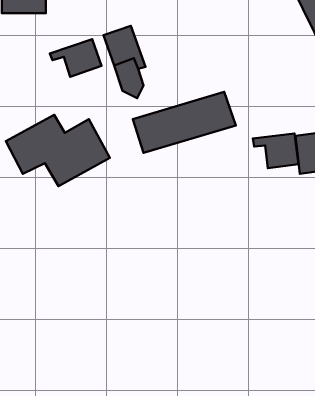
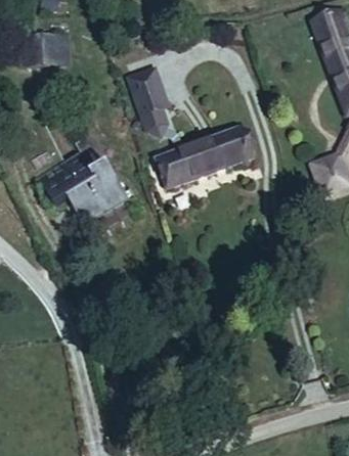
building: [50,39,101,77] -> none
building: [253,133,299,168] -> none

